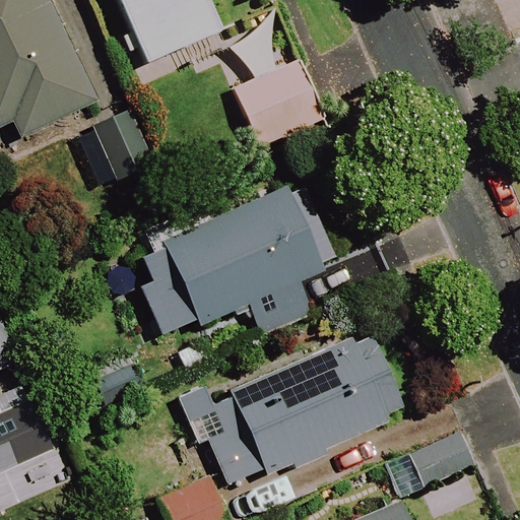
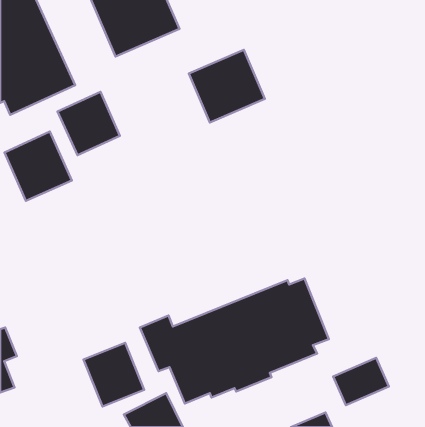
building: none -> [5,132,72,201]
building: [136,170,348,340] -> none
building: none -> [83,343,144,407]

